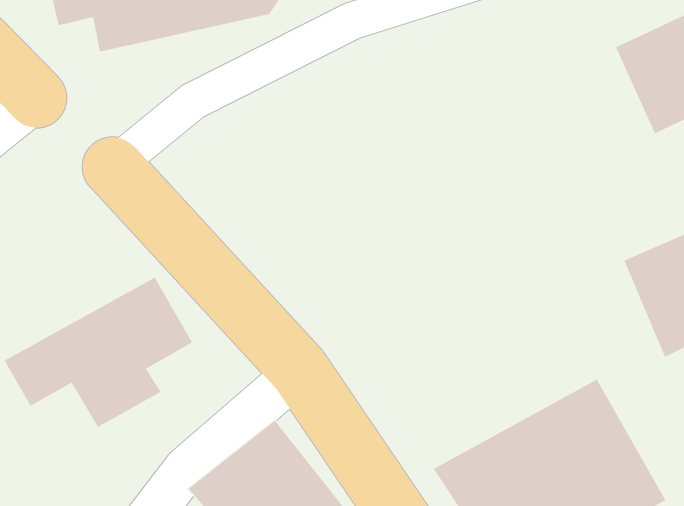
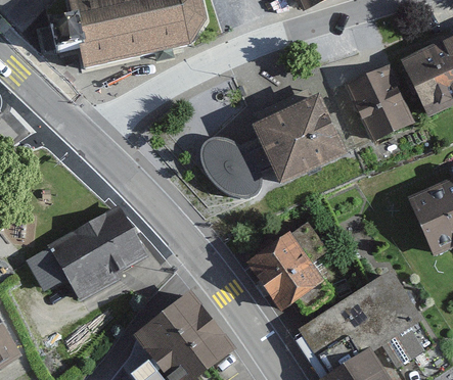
building: none -> [344,67,414,145]
building: none -> [251,92,345,182]
building: none -> [201,133,265,193]
building: none -> [247,234,322,313]

